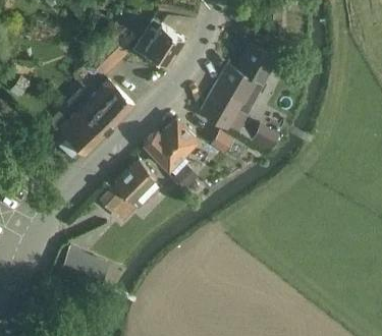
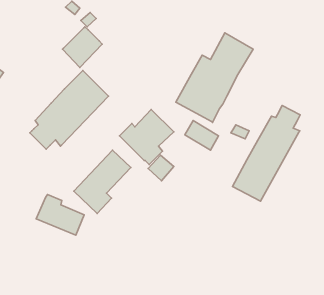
building: [144,25,183,66] -> none
building: none -> [232,106,300,201]
building: [57,247,105,288] -> [36,194,84,235]

